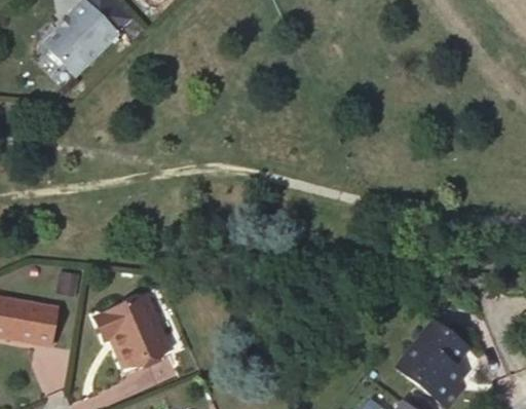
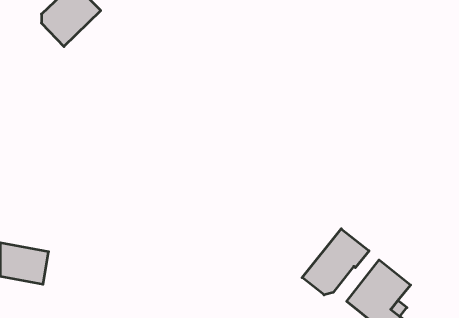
building: none -> [302,229,369,295]
building: [99,297,167,367] -> none

